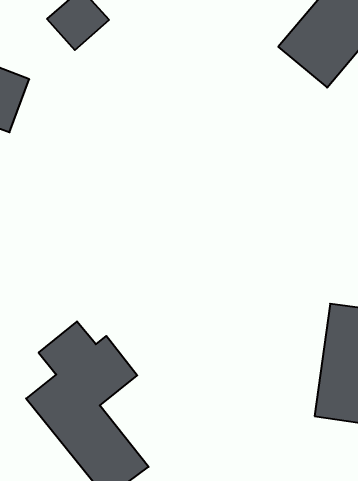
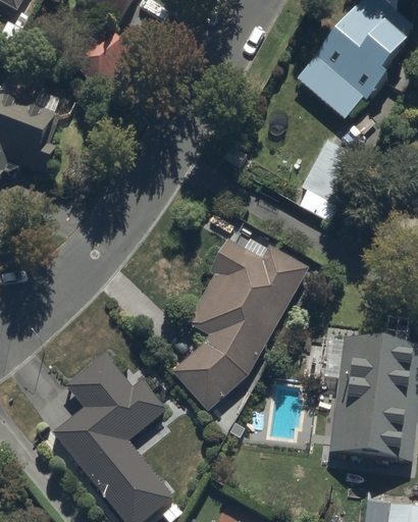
building: none -> [170,234,306,409]

